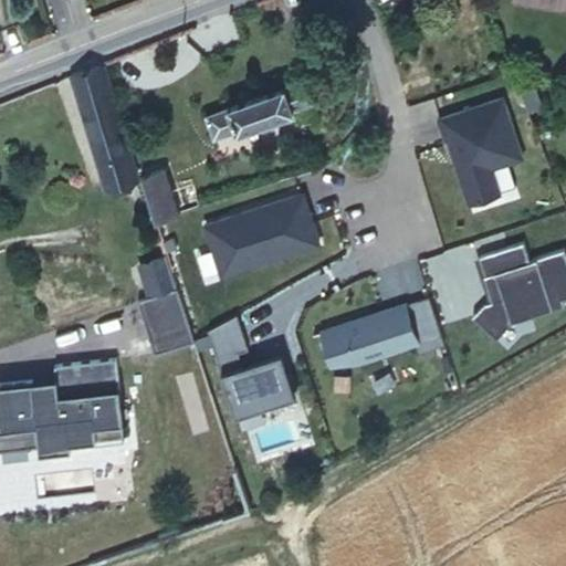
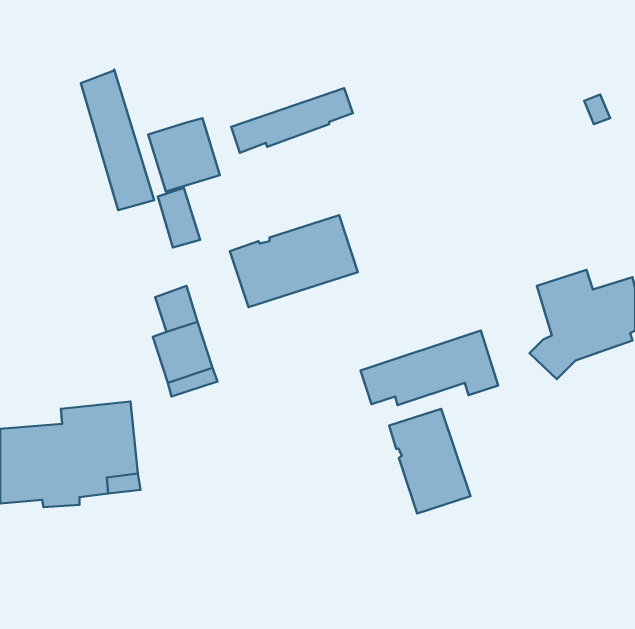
building: [438,102,522,208] -> none
building: none -> [148,118,220,191]
building: [207,318,294,419] -> none
building: none -> [389,409,470,514]

